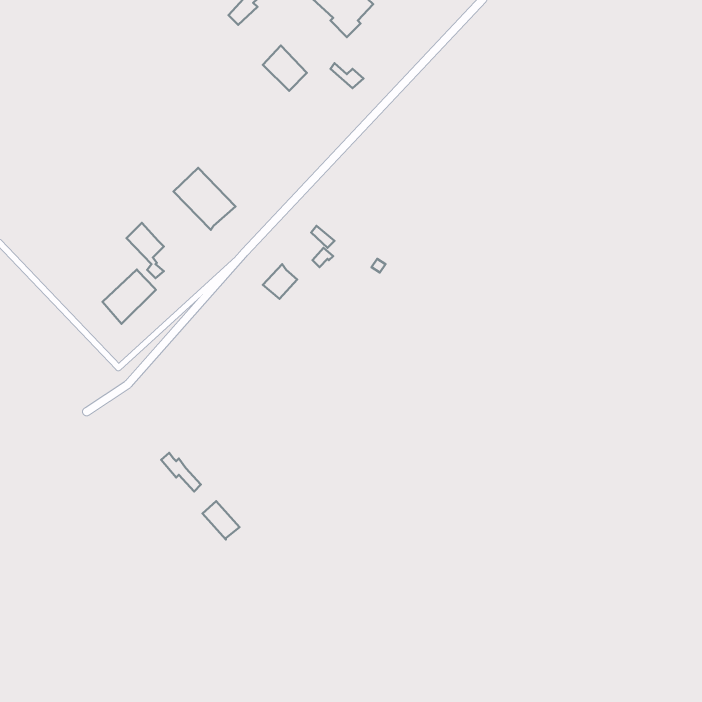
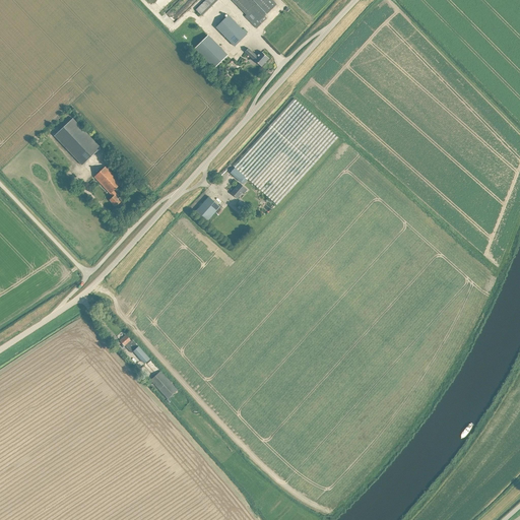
building: none -> [215,14,245,44]
building: [174,168,235,230] -> [54,118,100,164]
building: [102,270,156,324] -> none

